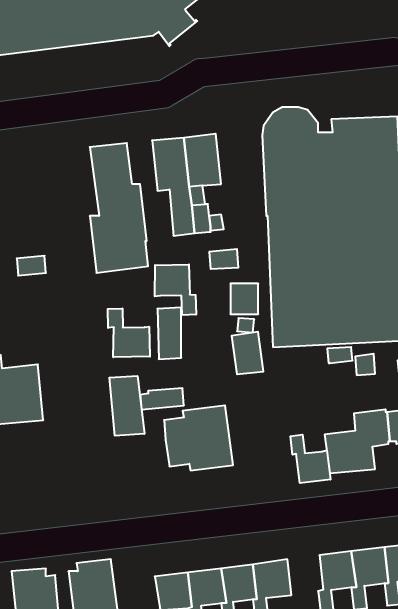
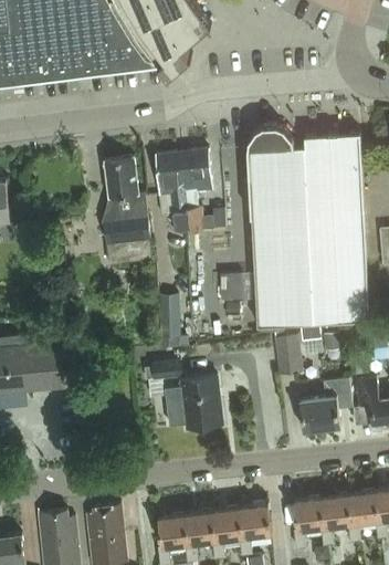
building: [155,264,196,315] -> none
building: [108,308,150,357] -> none
building: [232,332,263,374] -> [275,334,302,369]
building: [109,376,144,436] -> none
building: [290,435,330,483] -> none

